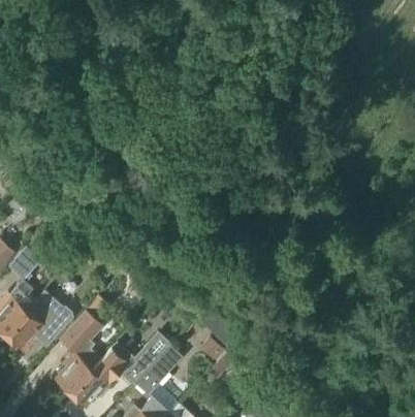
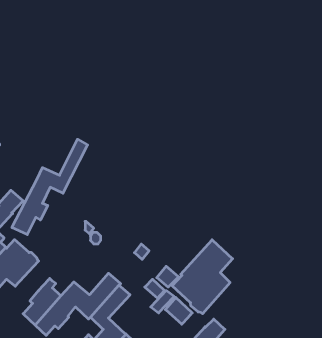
building: none -> [12,139,88,235]
building: none -> [172,240,233,314]
building: [57,310,102,352] -> none

